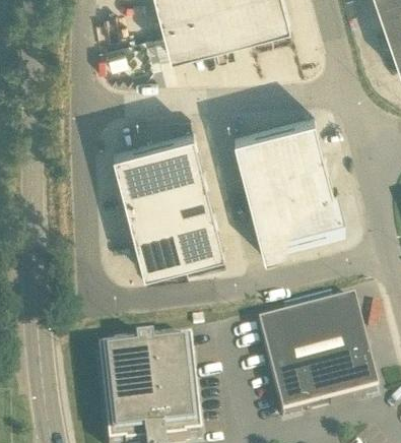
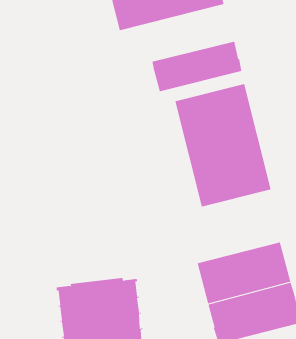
building: none -> [152,41,242,92]
building: [113,131,224,272] -> none

